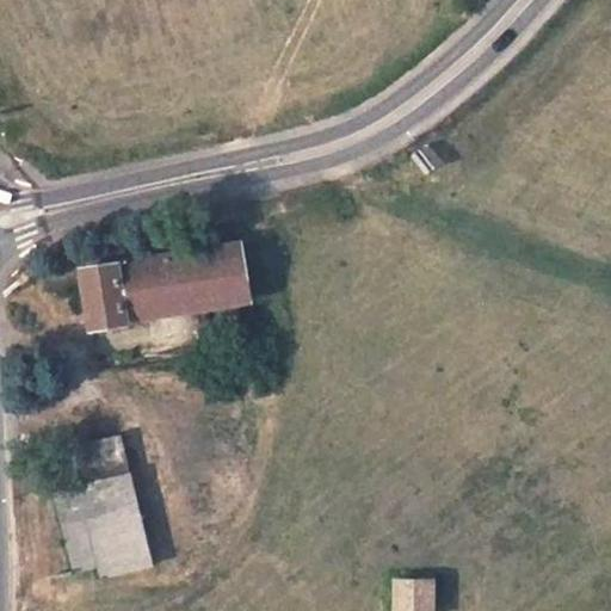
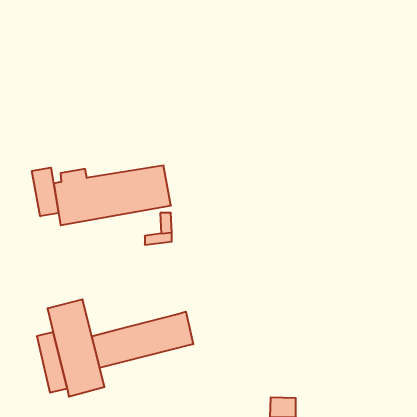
building: none -> [32,168,59,216]
building: none -> [92,312,193,368]

